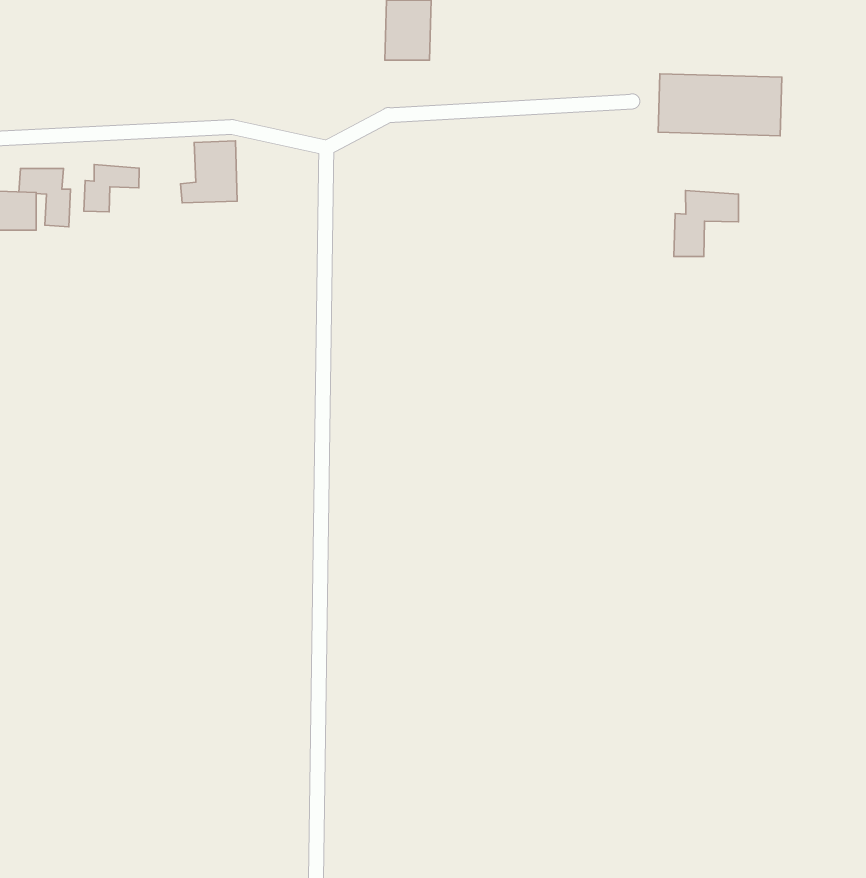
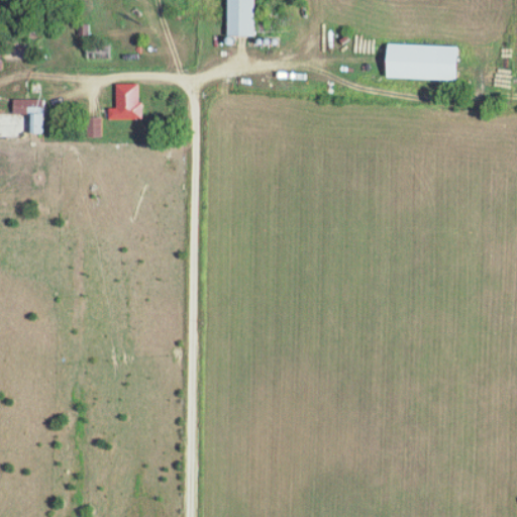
building: [84,165,139,212] -> none
building: [674,191,739,257] -> none

